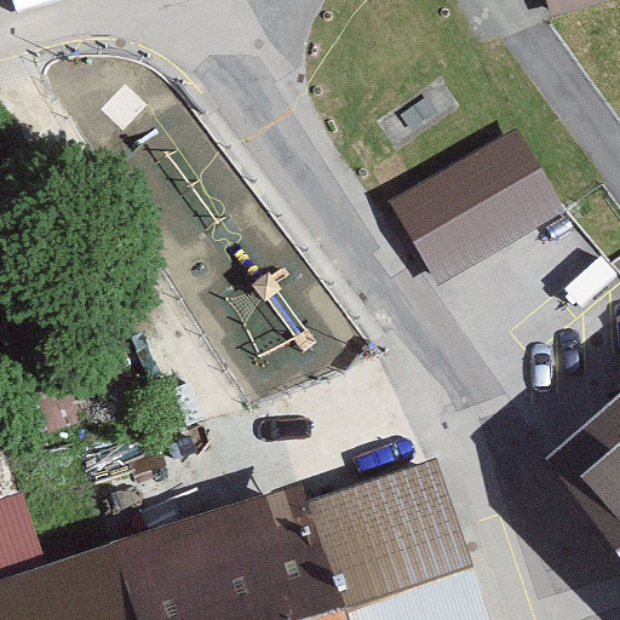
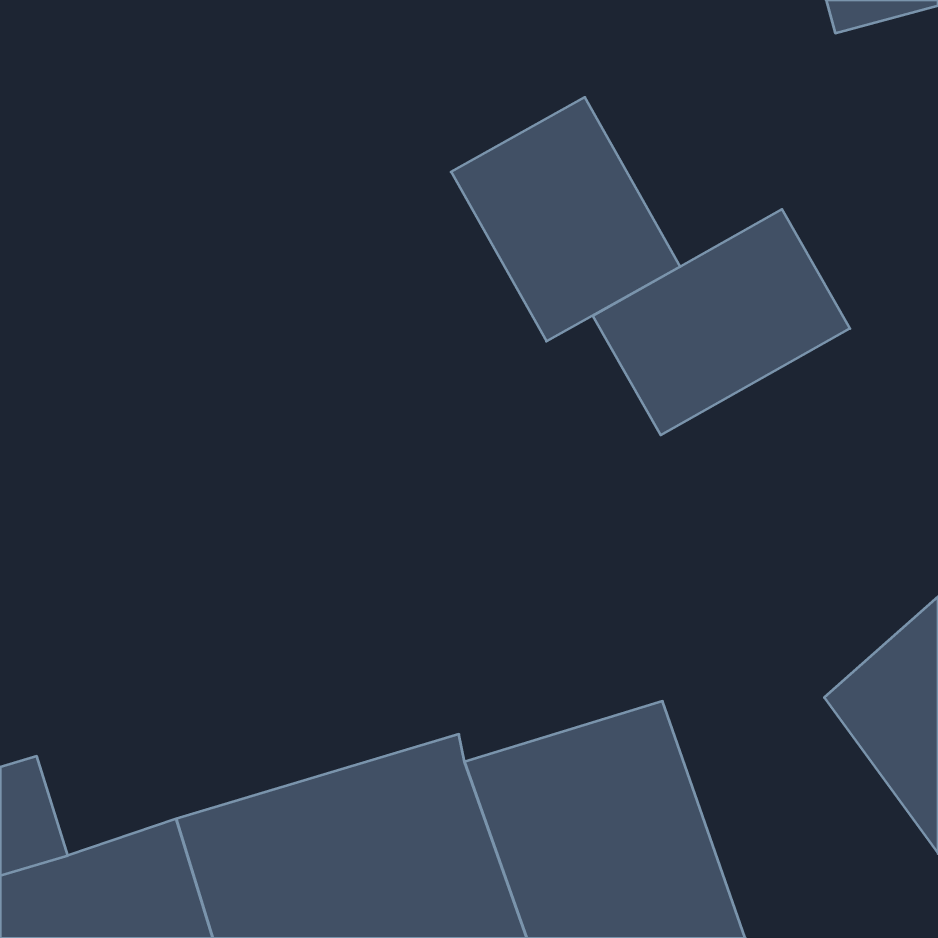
building: none -> [451,97,680,341]

